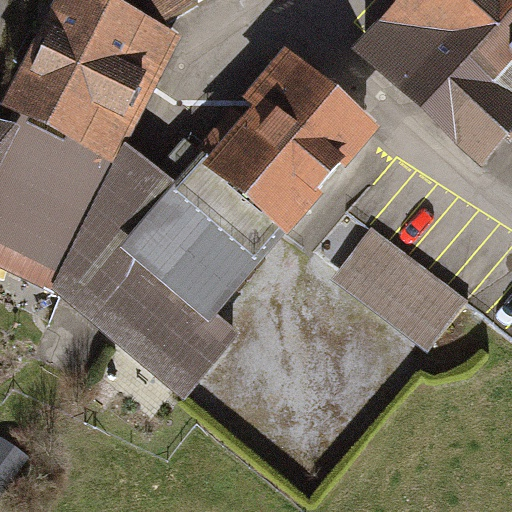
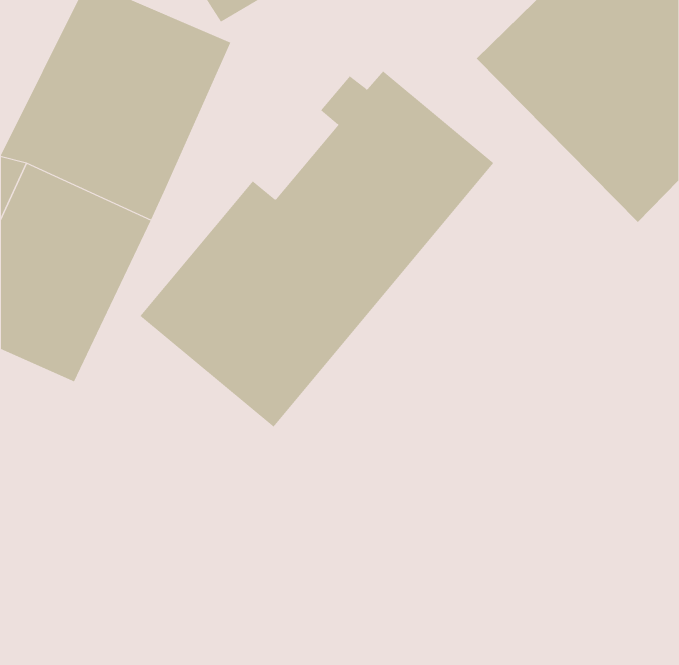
building: [56,142,241,396] -> none
building: [323,222,460,351] -> none

